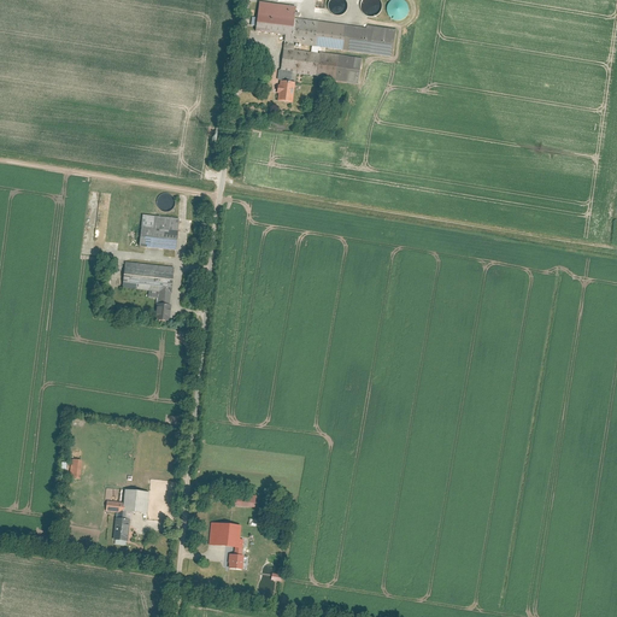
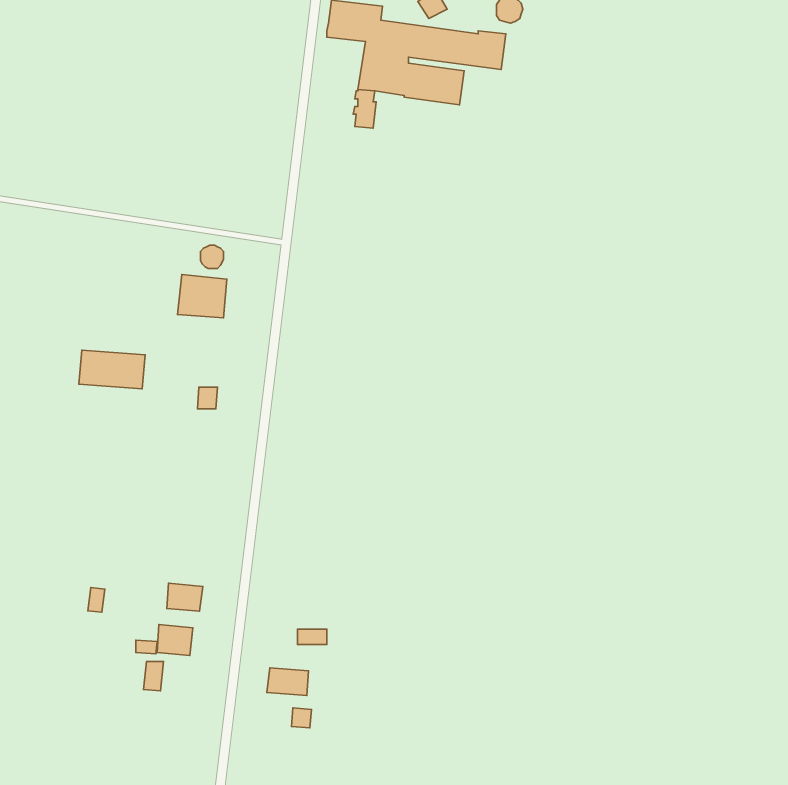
building: [122,262,174,292] -> [79,350,145,389]
building: none -> [167,583,203,611]

